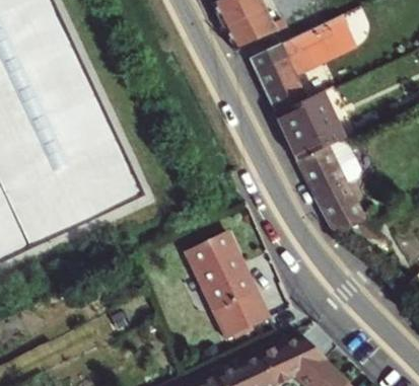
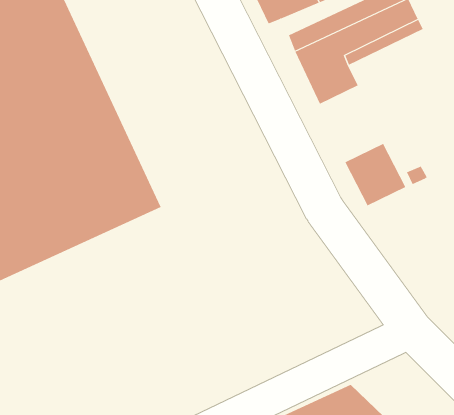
building: [274,90,341,158] -> none
building: [312,178,375,232] -> none
building: [183,234,264,339] -> none

